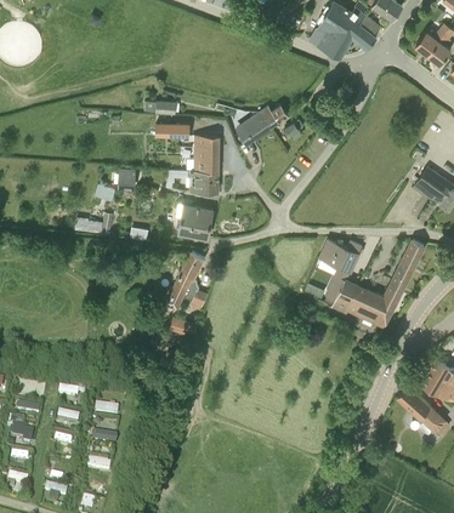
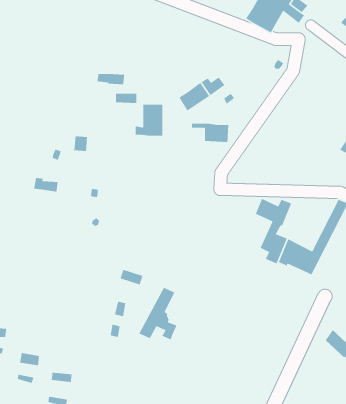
building: [176,170,219,192] -> [191,123,229,143]
building: [178,204,212,238] -> none
building: [164,251,208,310] -> [138,287,178,340]

